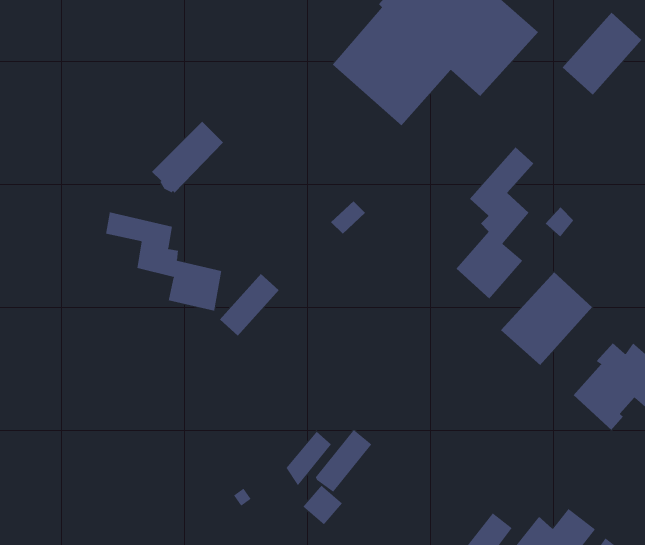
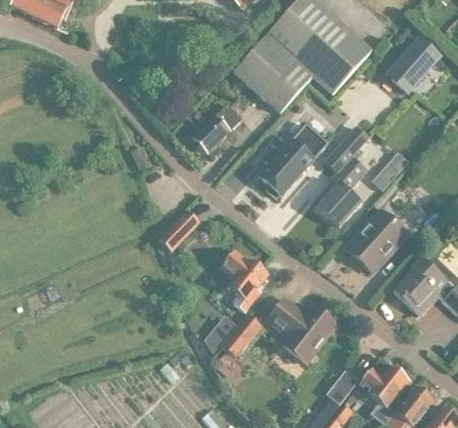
building: [151,121,224,193] -> [193,104,241,152]
building: none -> [260,122,329,196]
building: [106,212,222,311] -> none
building: none -> [222,249,268,310]
building: none -> [269,298,338,363]

